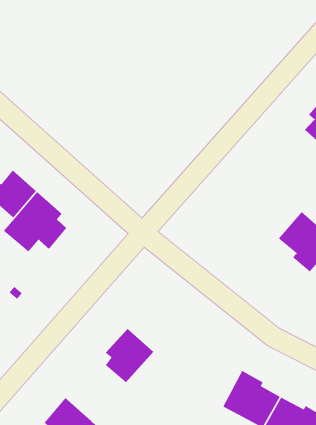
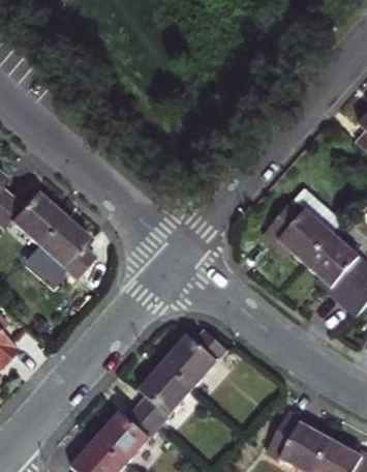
building: none -> [281,202,349,266]
building: none -> [159,331,222,390]
building: none -> [91,405,157,466]

